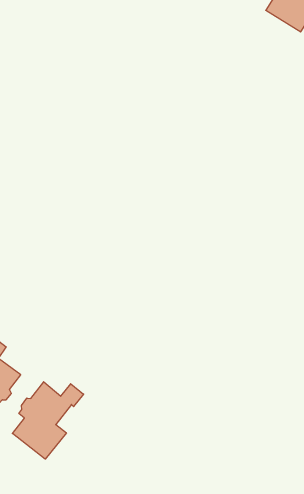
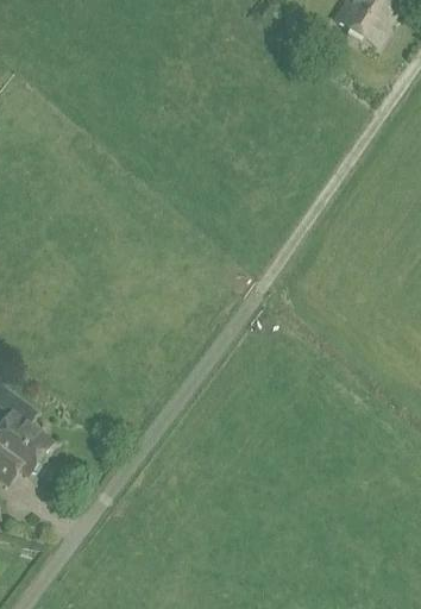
building: [12,382,84,459] -> none

